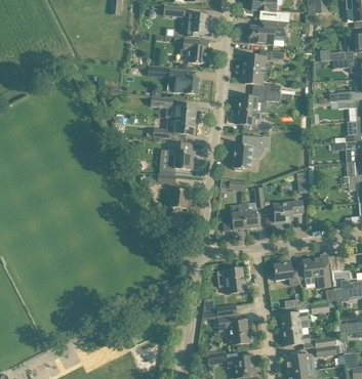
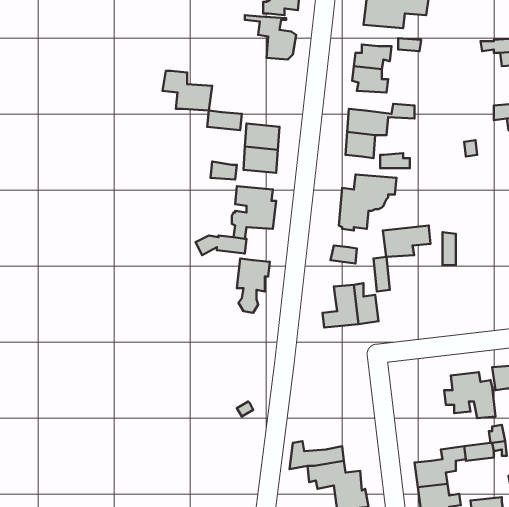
building: [168,69,199,93] -> [163,71,212,110]
building: [273,201,303,220] -> [383,226,431,257]
building: [269,261,300,285] -> none
building: [216,267,244,293] -> none

